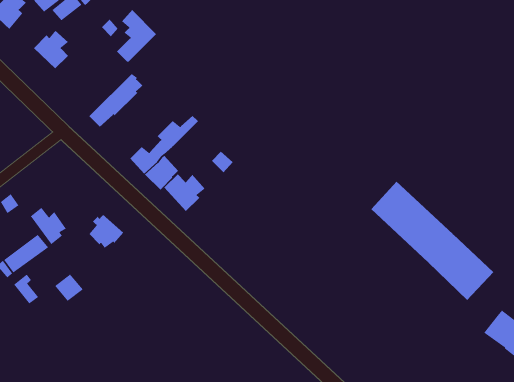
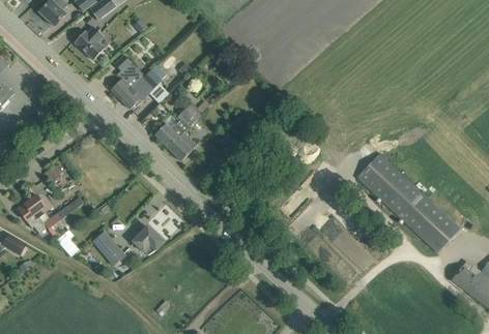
building: [116,9,157,63] -> [110,54,144,98]
building: [163,174,205,212] -> none
building: [30,207,67,245] -> none
building: [88,214,124,249] -> [134,225,164,254]

